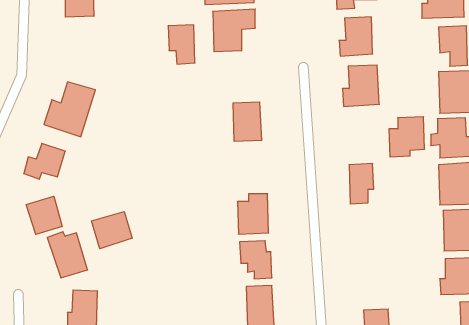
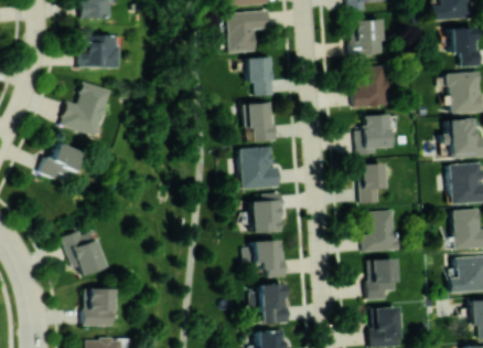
building: [168,25,195,64] -> [246,57,272,96]
building: none -> [78,35,118,68]
building: [389,117,425,157] -> [356,115,391,155]
building: none -> [239,147,279,189]
building: [26,196,62,234] -> none
building: [91,212,132,249] -> none
building: none -> [363,211,397,252]
building: none -> [367,260,397,299]

